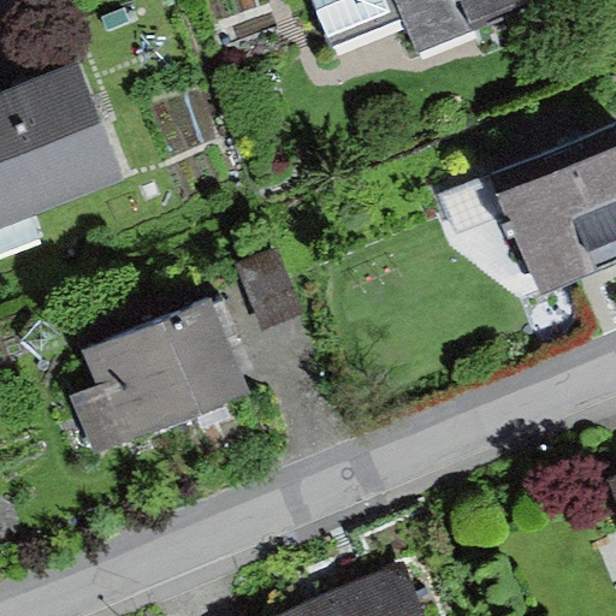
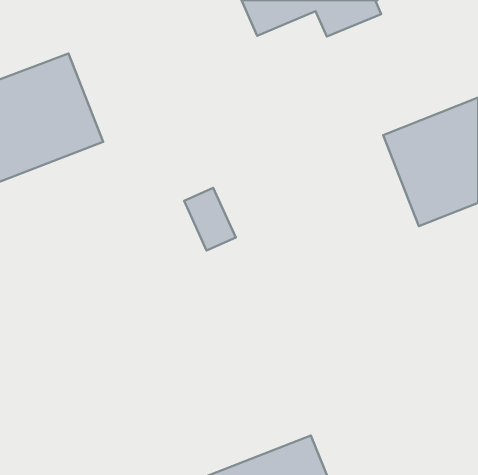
building: [75,288,253,445] -> none

